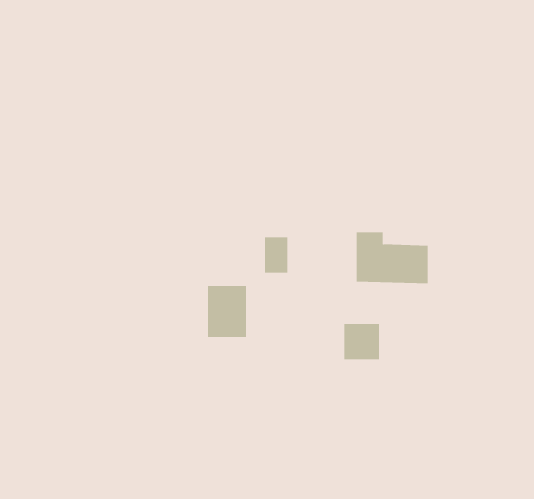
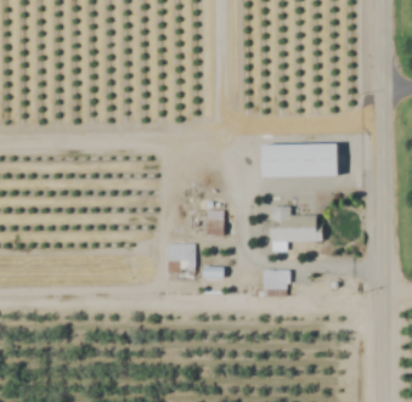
building: none -> [263,145,338,176]

